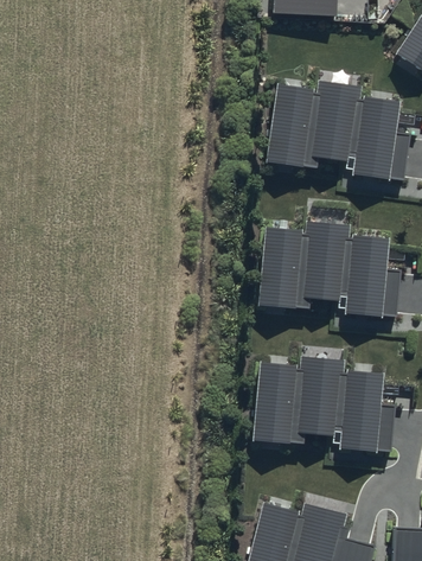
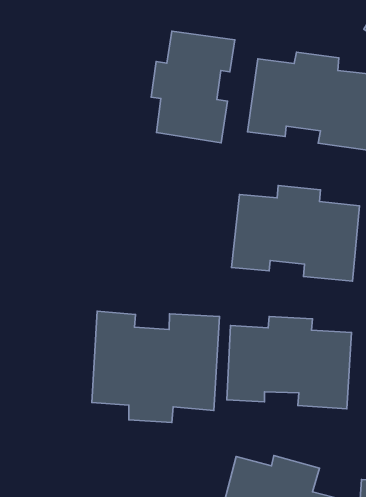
building: none -> [151,31,235,143]
building: none -> [92,311,220,422]

